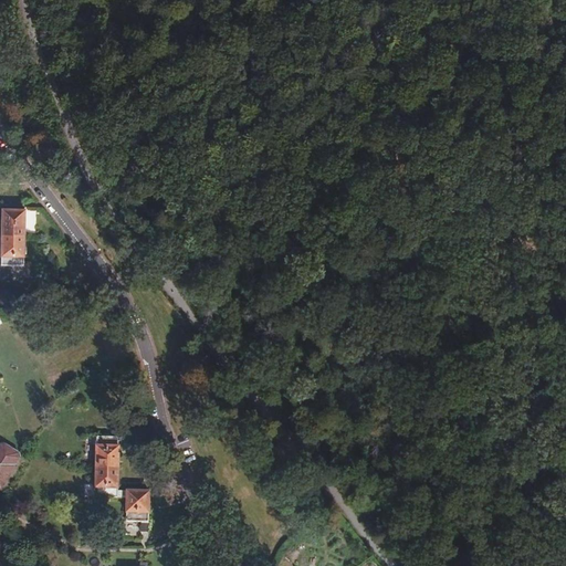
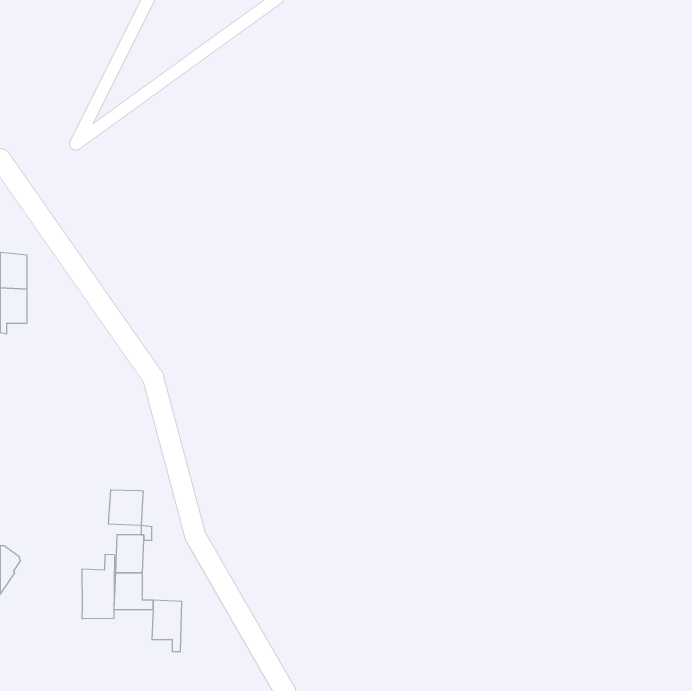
building: none -> [109,490,143,525]
building: none -> [82,554,114,619]

